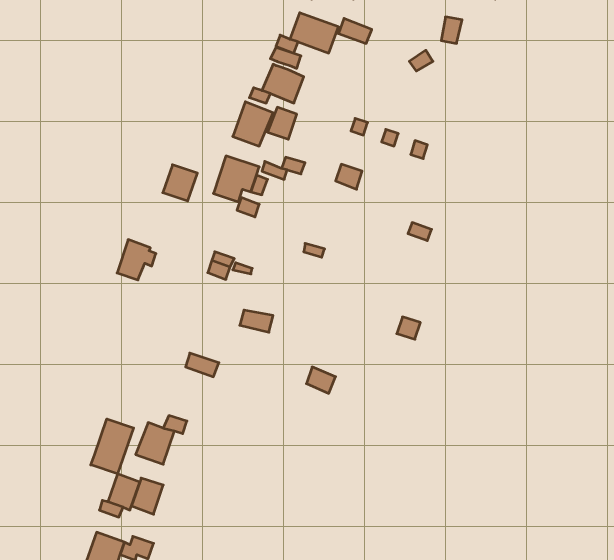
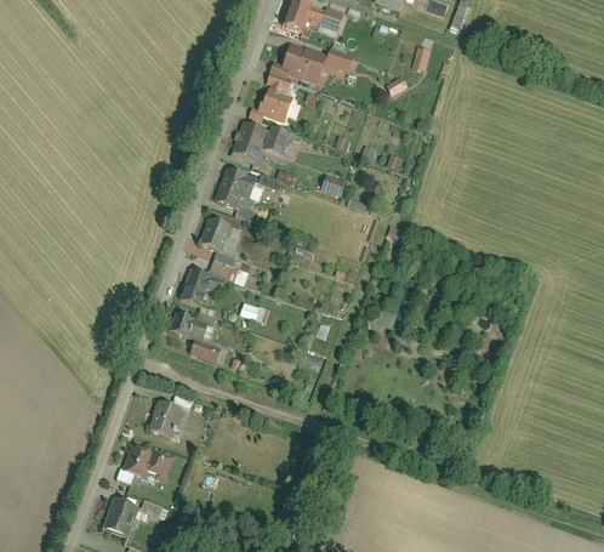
building: [163,165,197,201] -> [200,218,230,250]
building: [117,240,156,280] -> [181,268,215,303]
building: none -> [170,312,207,341]
building: [91,419,134,474] -> none

